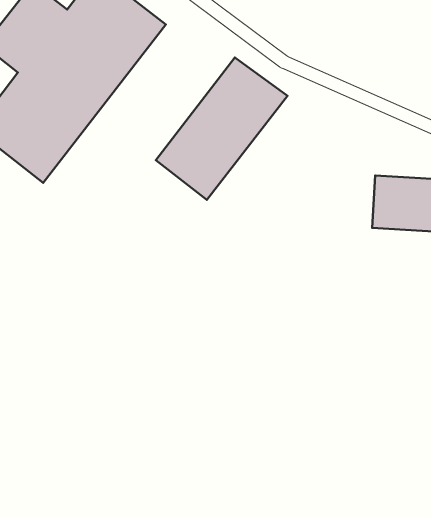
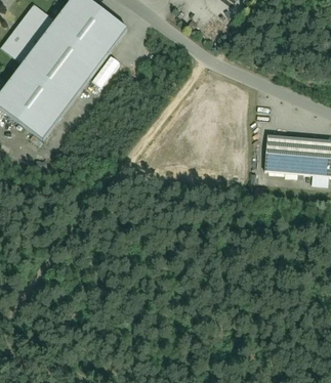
building: [156,58,287,200] -> none

